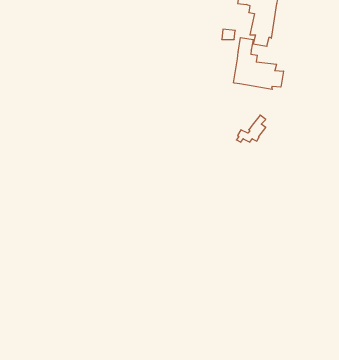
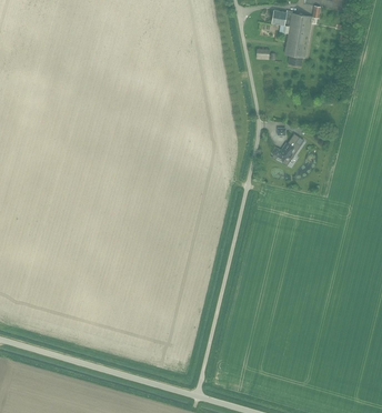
building: [233,38,283,89] -> none

